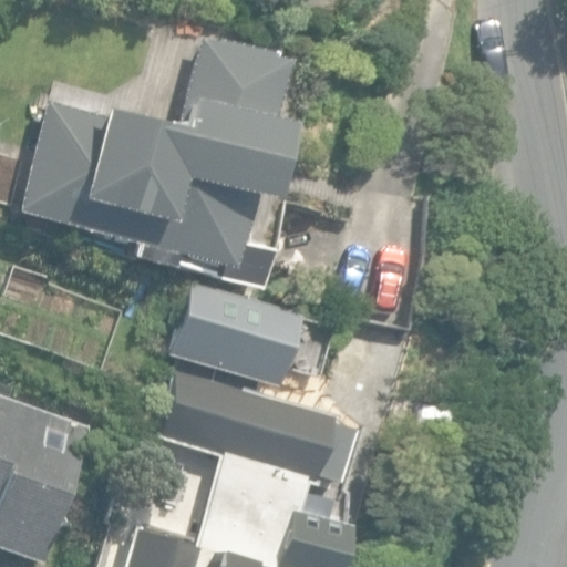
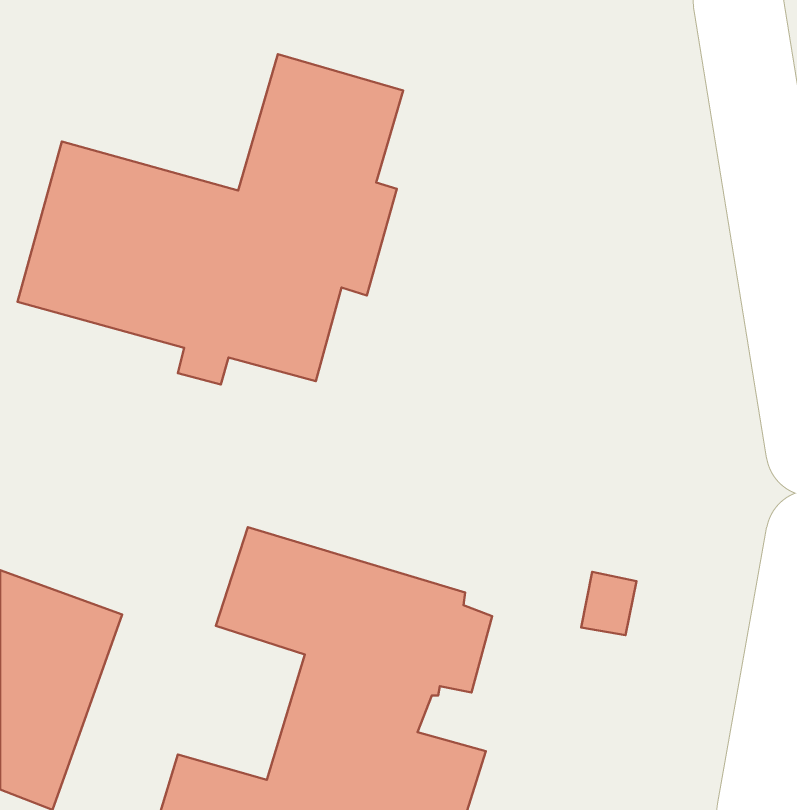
building: [174,281,303,382] -> none

